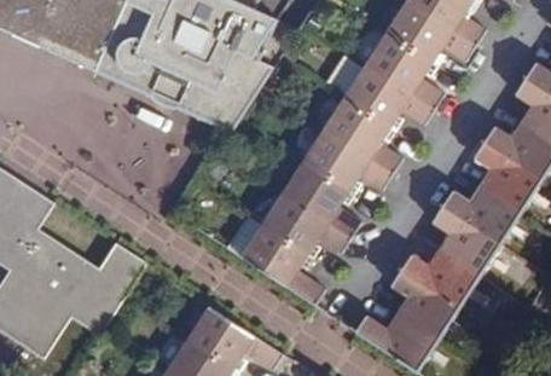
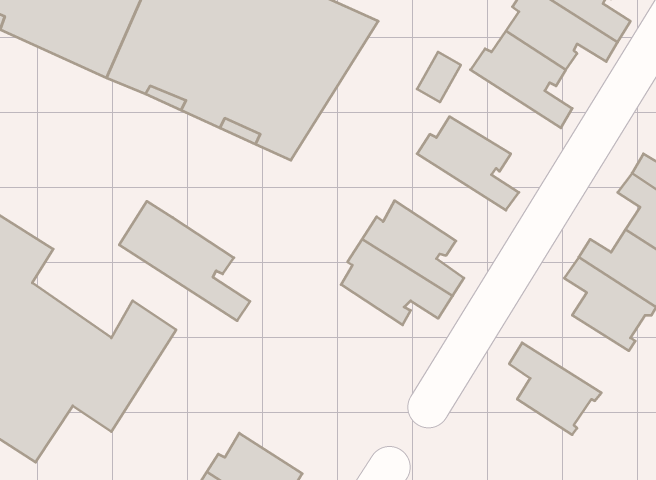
building: [347,65,430,128] -> none
building: [306,128,389,193] -> none
building: [226,214,324,303] -> [119,201,250,321]
building: [401,249,481,307] -> none
building: [190,303,280,368] -> none
building: [355,312,439,363] -> none

